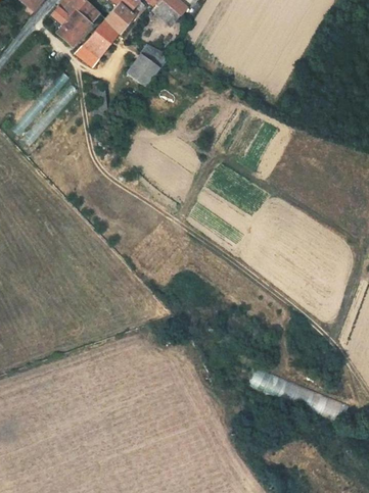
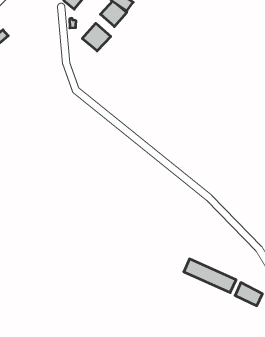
building: none -> [82,23,111,51]

